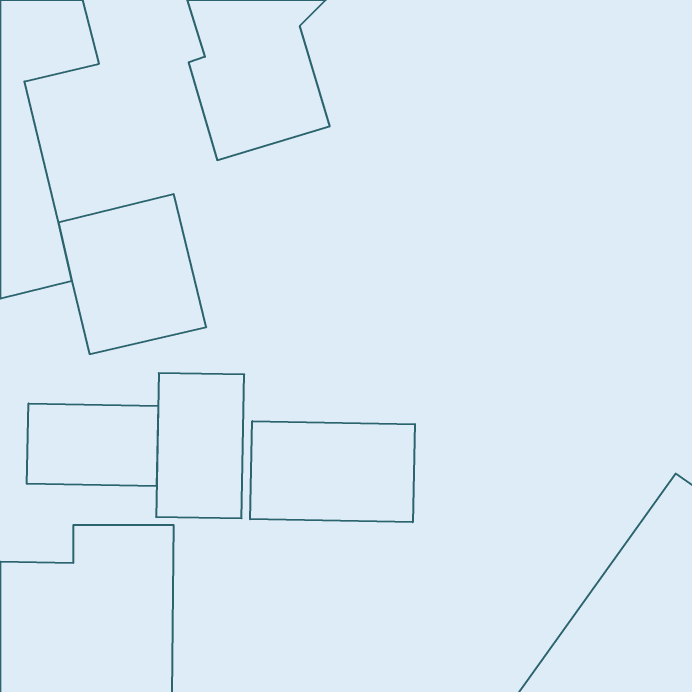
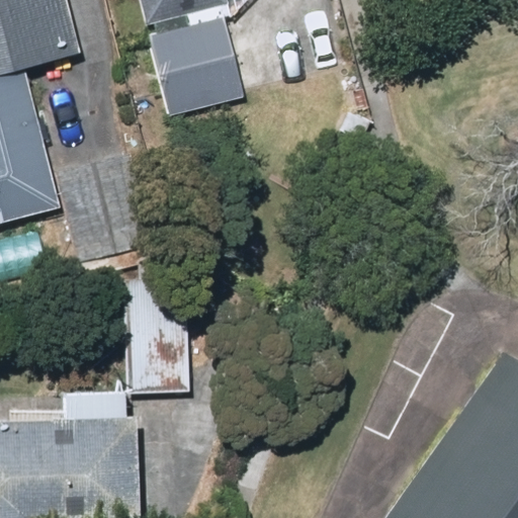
building: [27,403,158,486] -> none
building: [250,421,415,522] -> none

